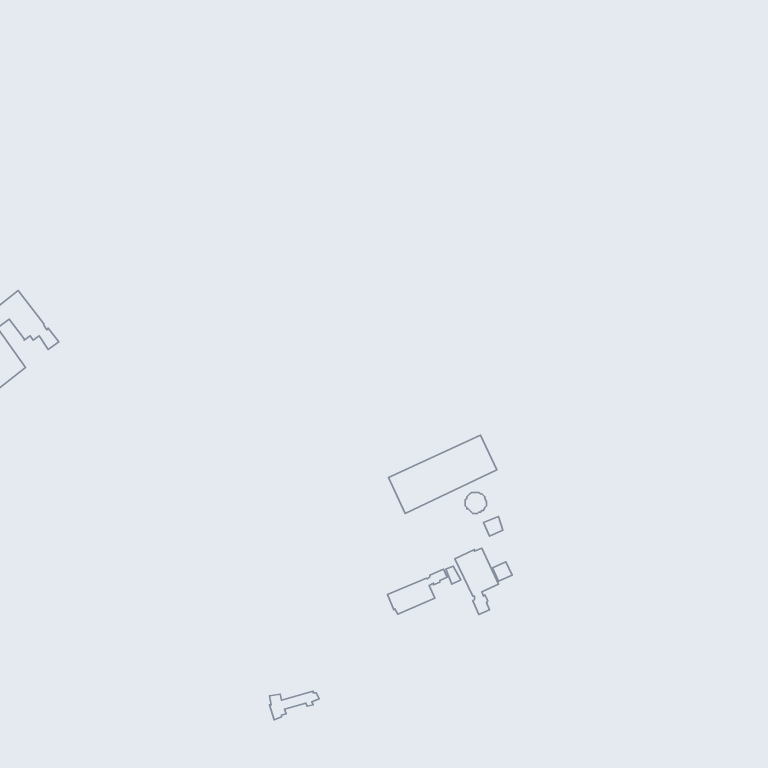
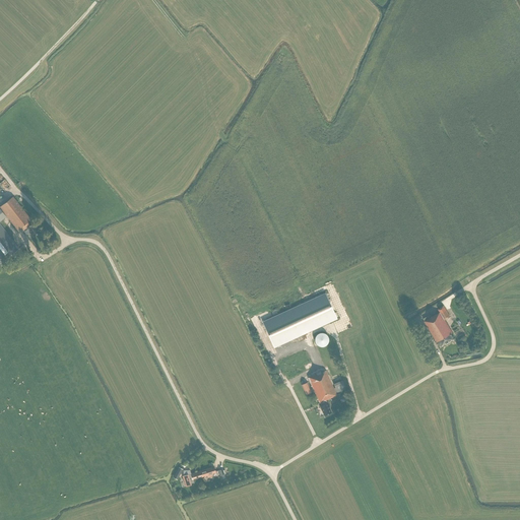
building: none -> [424,305,454,346]
building: [387,569,447,614] -> none

